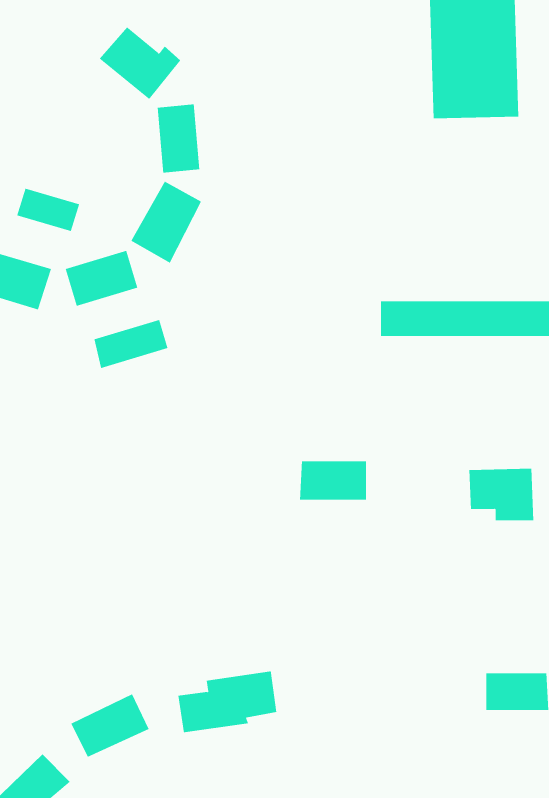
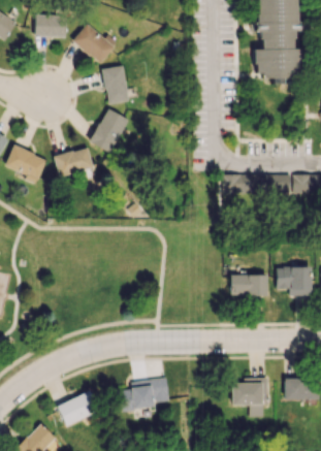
building: none -> [34,15,67,37]
building: [16,188,80,232] -> none
building: [94,319,168,369] -> none
building: [299,461,367,500] -> [230,275,267,296]
building: none -> [231,378,268,418]

